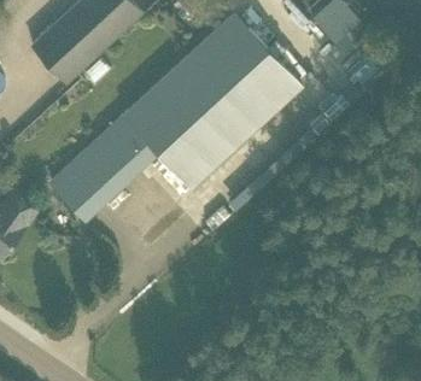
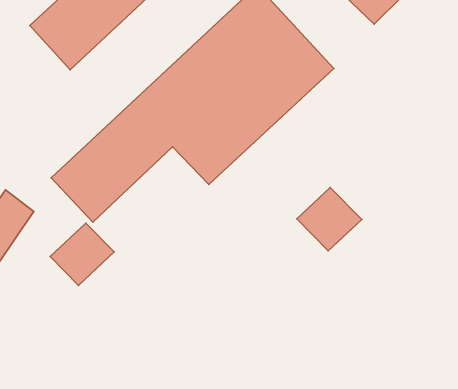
building: none -> [297,187,362,251]
building: none -> [50,223,114,285]

